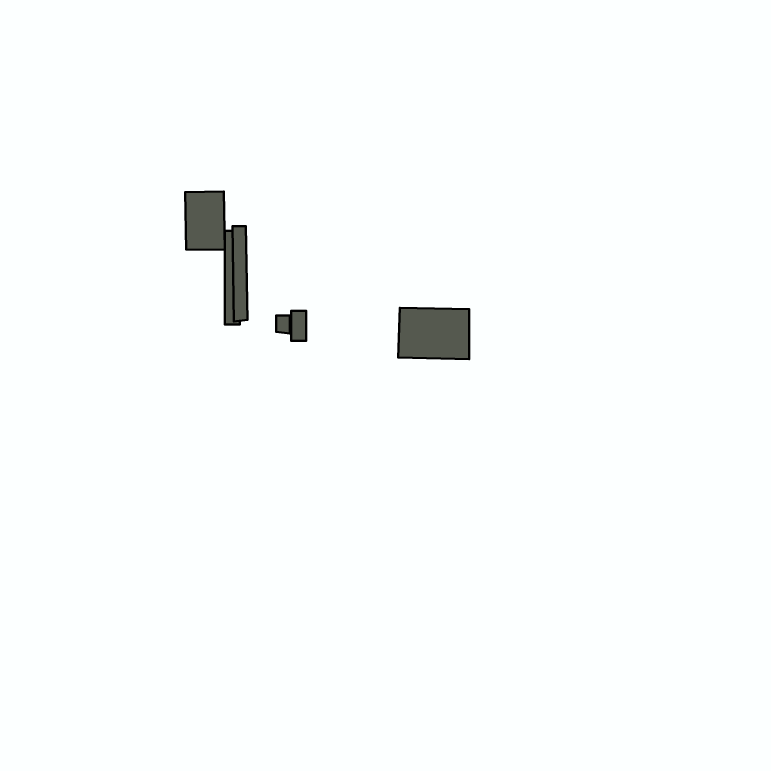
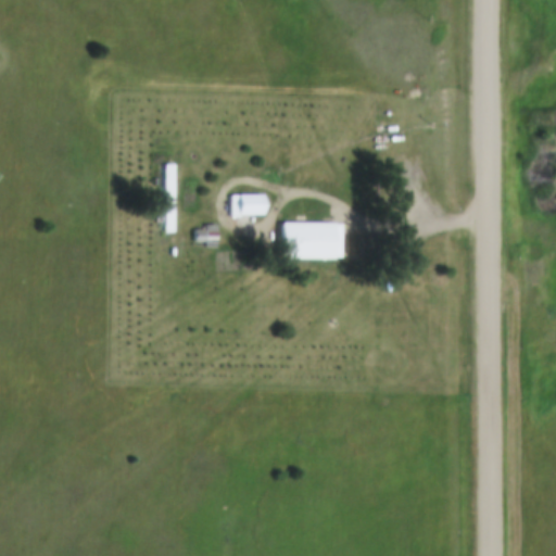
building: [185,191,225,250] -> none
building: none -> [235,194,267,213]

